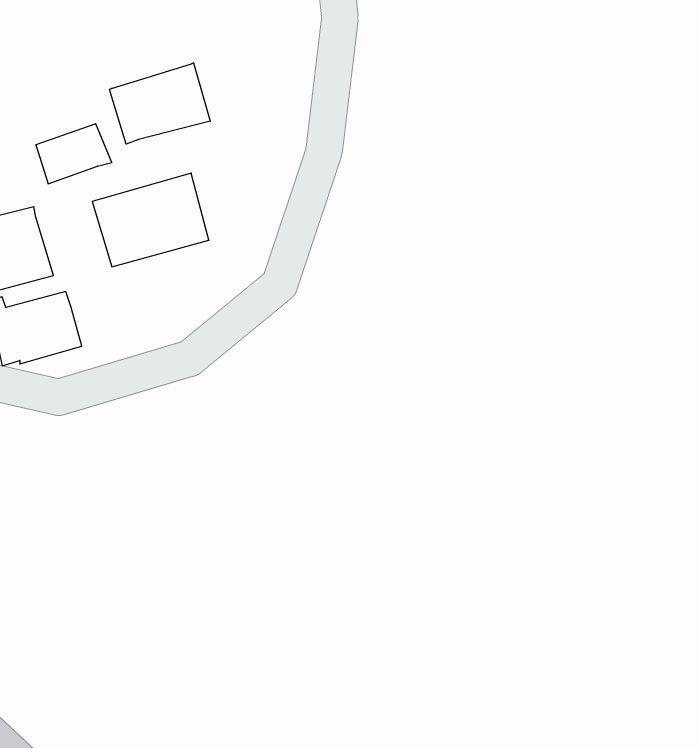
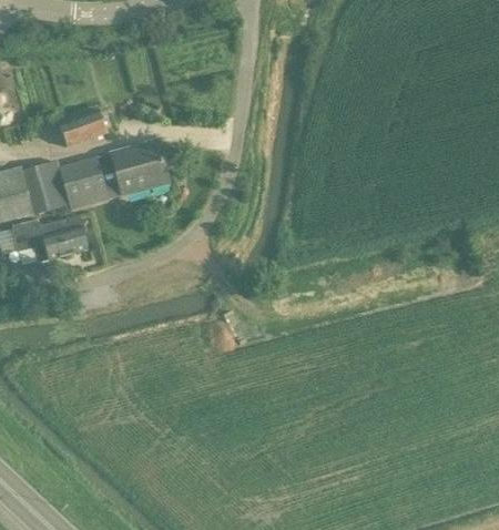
building: [110,63,210,144] -> none
building: none -> [58,159,105,210]

